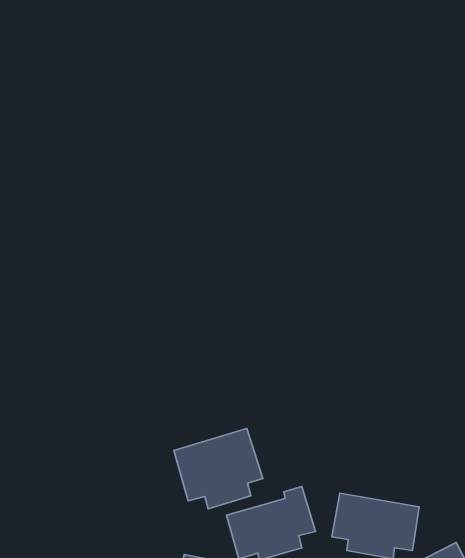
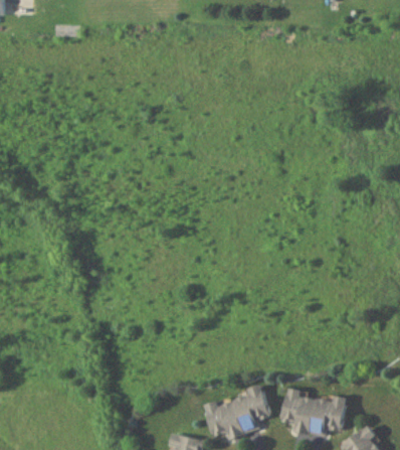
building: [174,428,263,509] -> none

